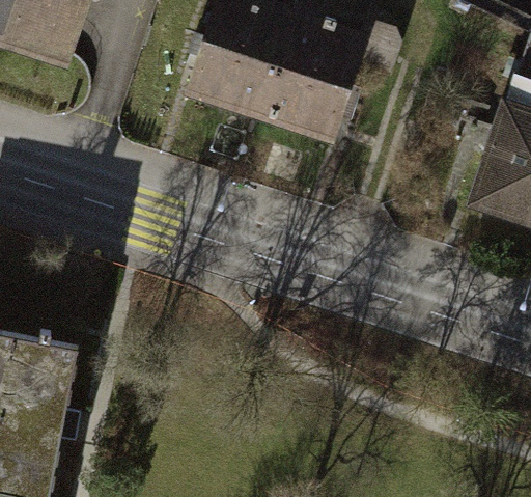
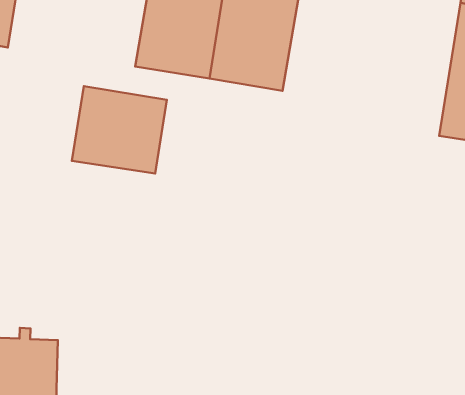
building: none -> [72,86,167,173]

